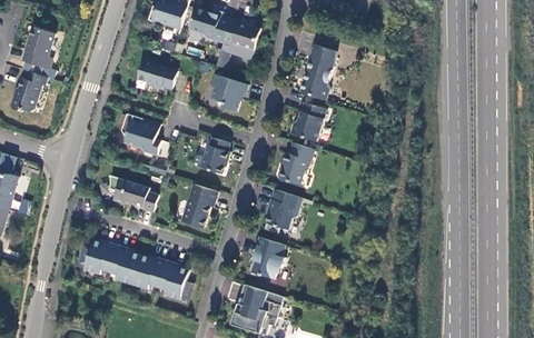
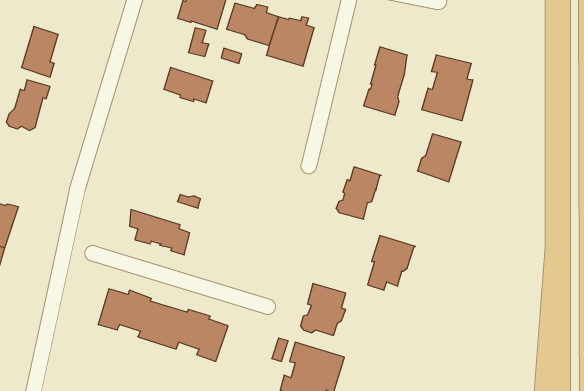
building: none -> [422,55,473,121]
building: [210,73,247,111] -> none
building: [290,101,326,140] -> [417,134,461,182]
building: [120,113,160,155] -> none
building: [199,137,229,173] -> none
building: [180,183,217,228] -> none
building: [264,188,303,232] -> [368,236,415,290]

